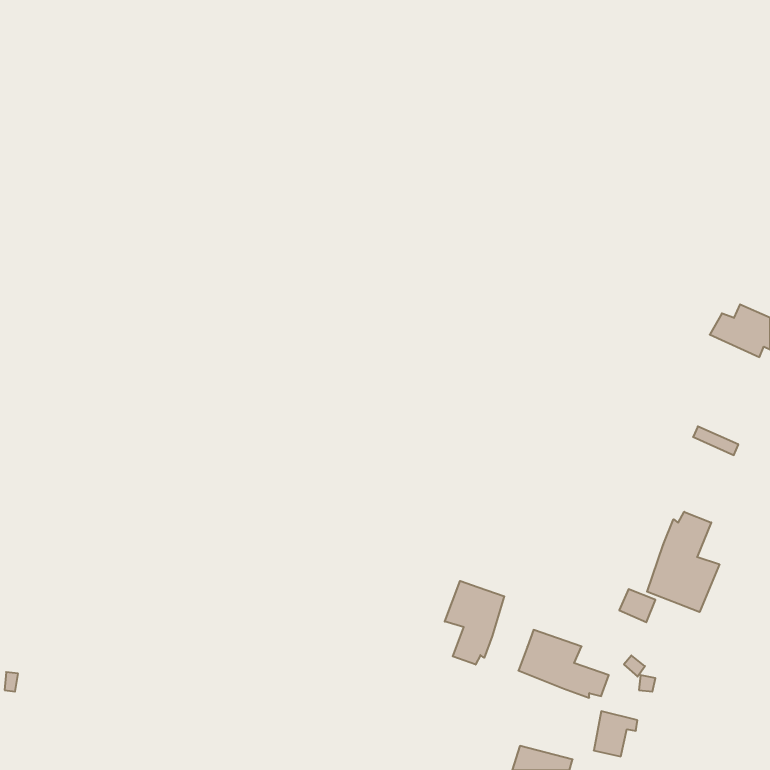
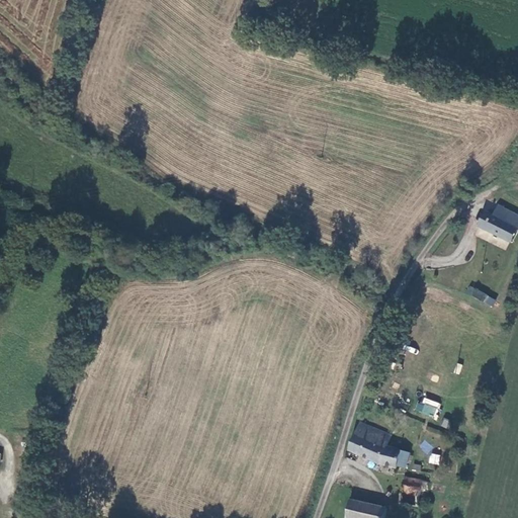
building: [647,512,719,612] -> none
building: [445,581,504,665] -> none

